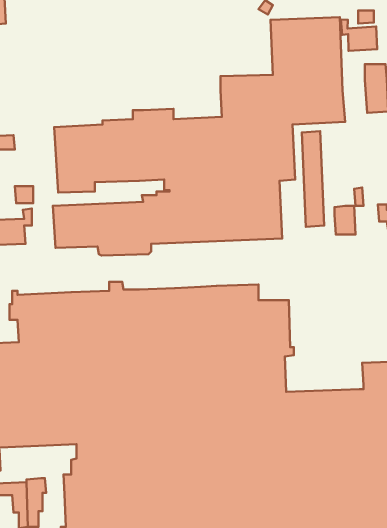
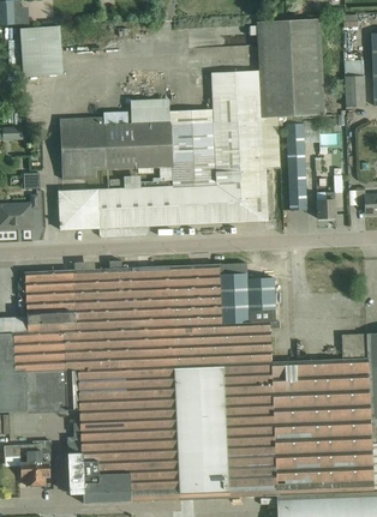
building: [341,20,377,51] -> none
building: none -> [20,25,61,77]

